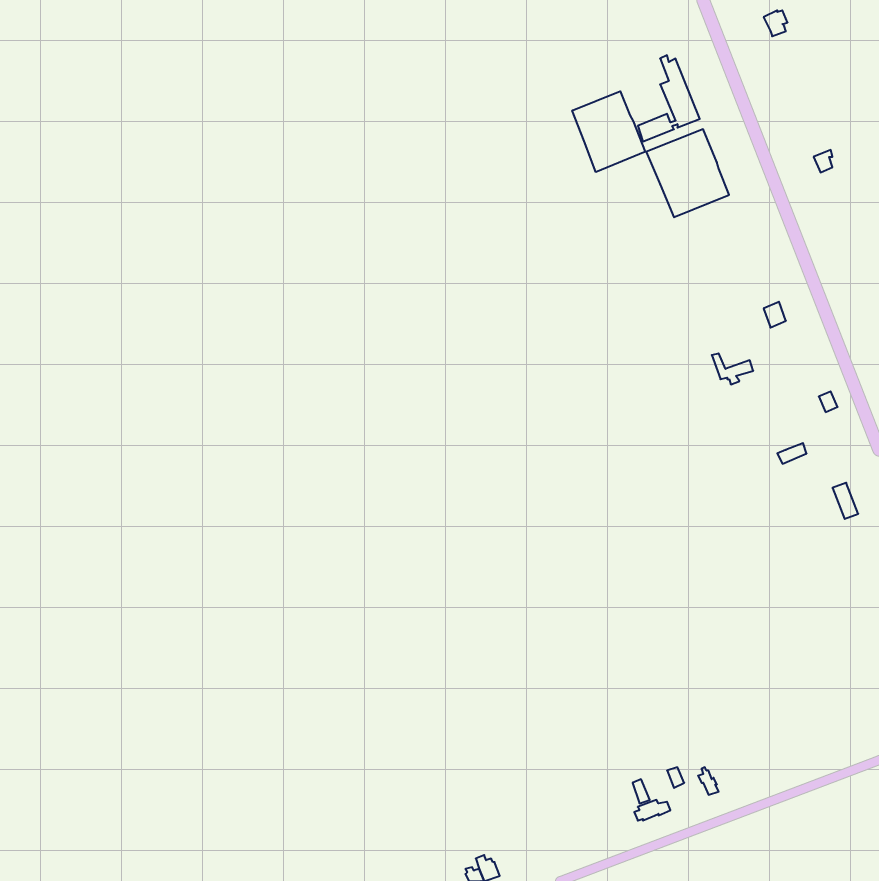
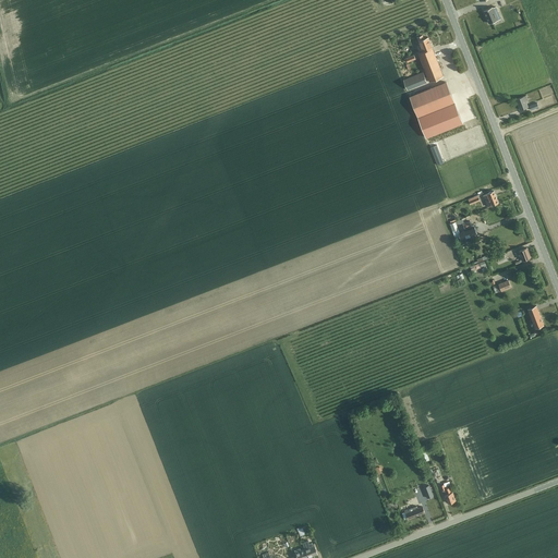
building: [572,91,645,172] -> none

